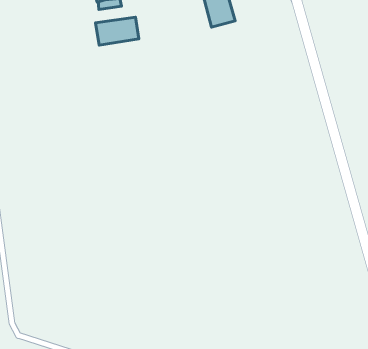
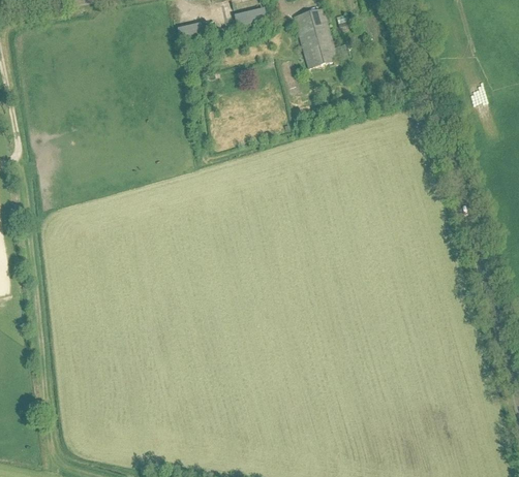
building: [96,17,139,45] -> none

